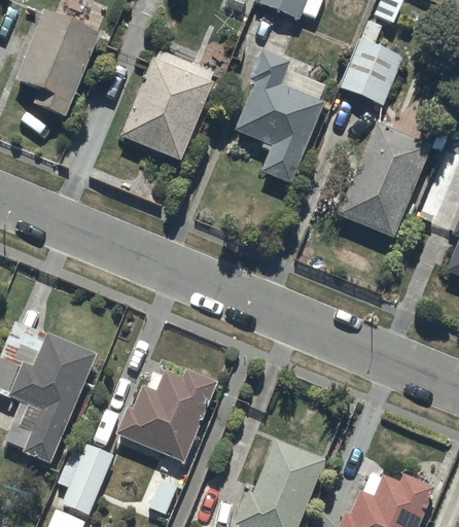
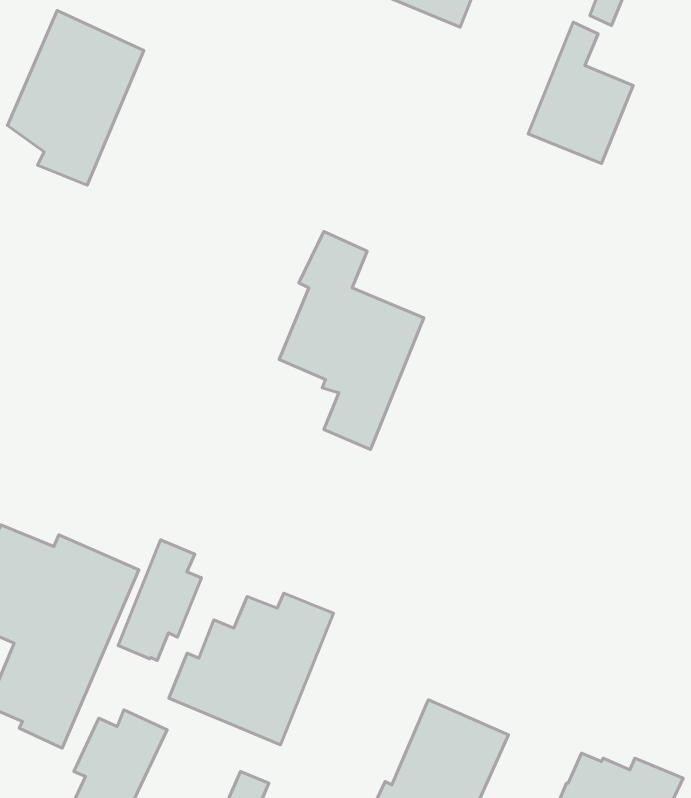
building: [236,47,325,182] -> [279,231,424,449]
building: [117,49,212,163] -> none
building: [337,124,429,239] -> none
building: none -> [118,540,201,661]

